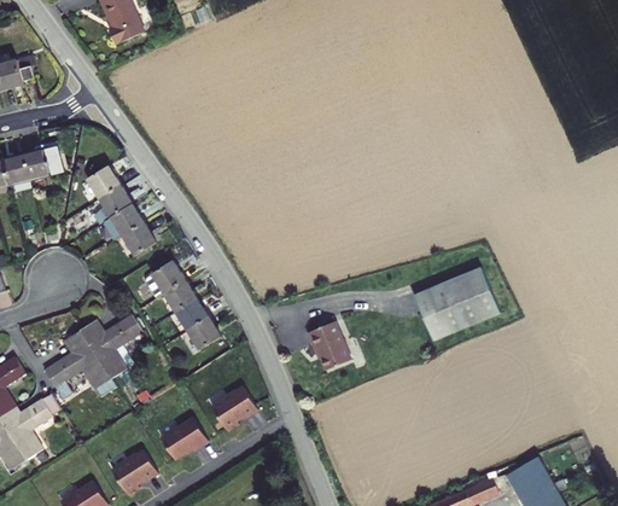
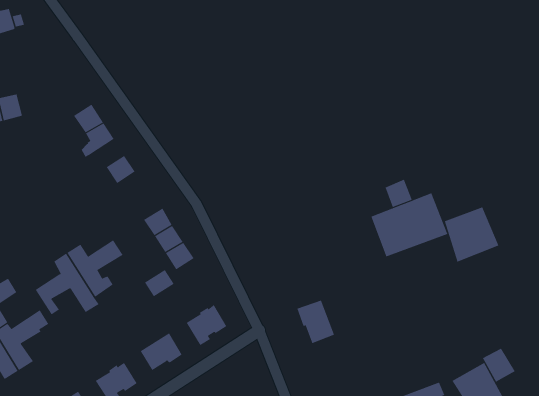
building: [25,143,65,180] -> none
building: [105,205,144,240] -> none
building: none -> [385,179,413,208]
building: [146,262,186,299] -> none
building: none -> [444,206,499,262]
building: [307,315,349,363] -> [296,300,335,344]
building: none -> [144,269,175,297]
building: none -> [482,348,516,383]

